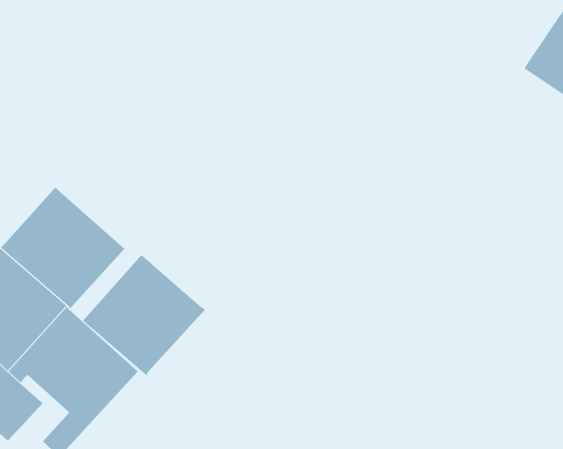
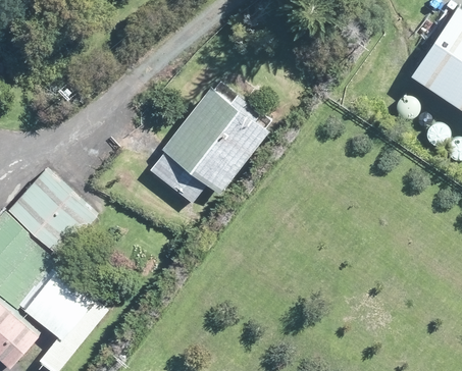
building: none -> [150,89,267,203]
building: [82,254,206,376] -> none

